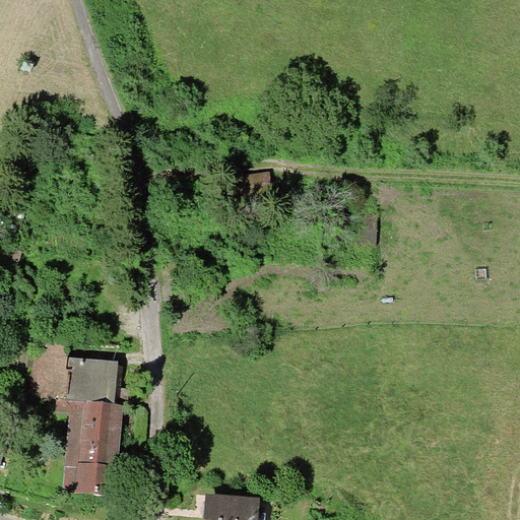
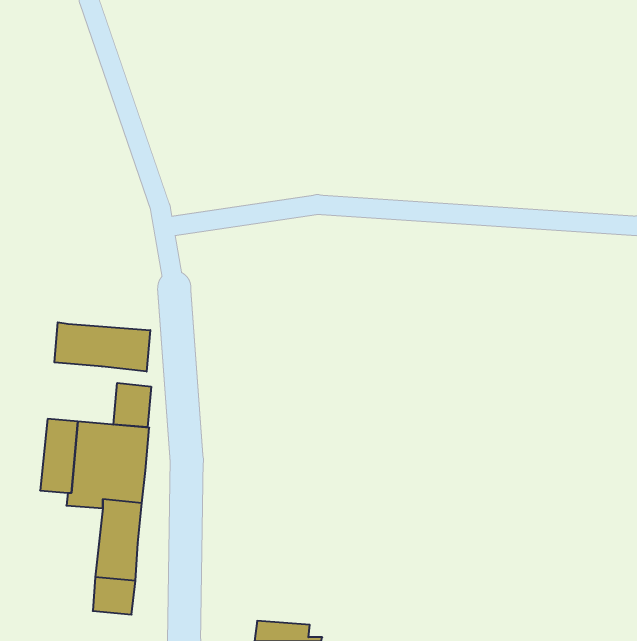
building: none -> [54,322,150,372]
building: none -> [114,383,151,427]

